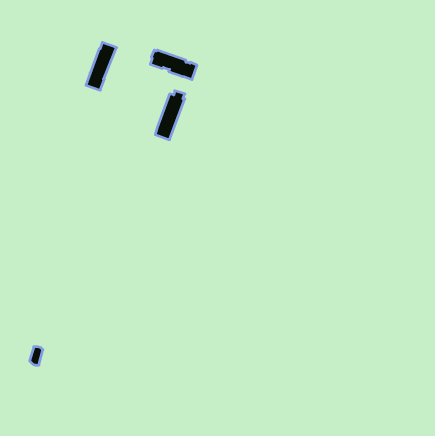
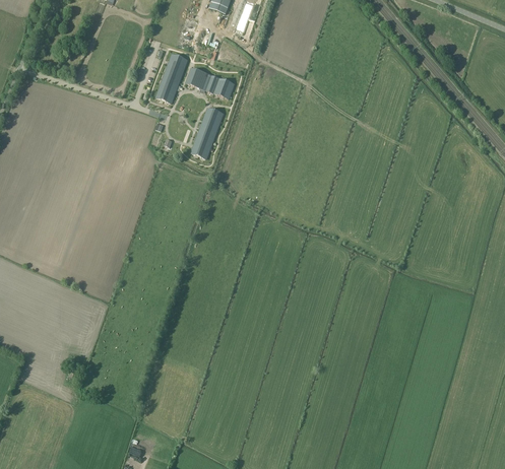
building: [86,42,117,90] -> [156,54,187,102]

